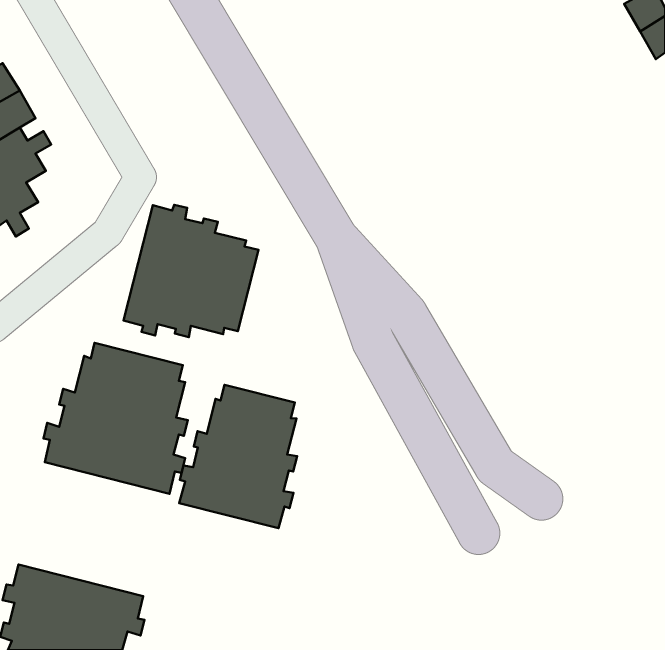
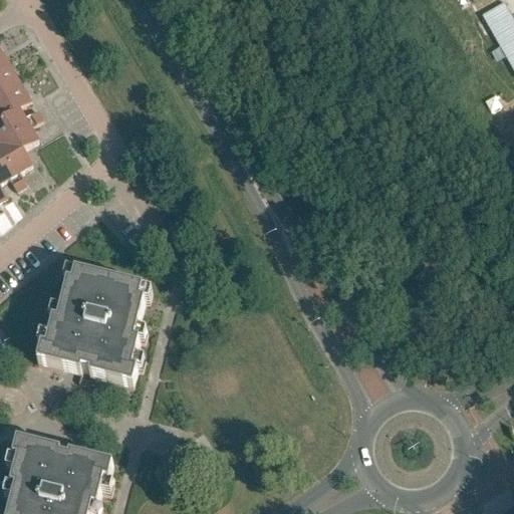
building: [124,205,258,337] -> none
building: [179,385,297,528] -> none

